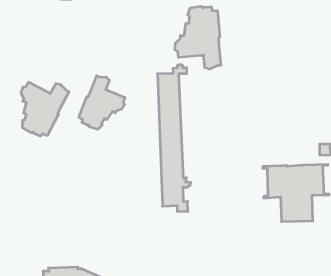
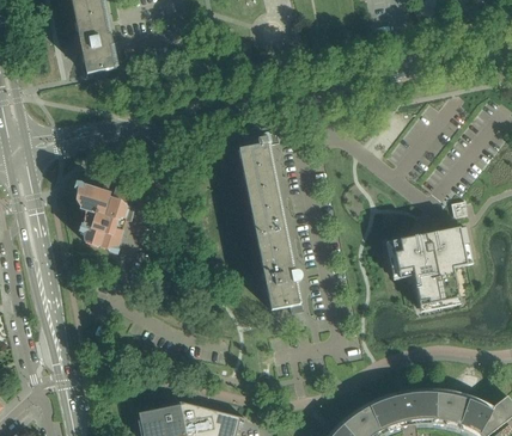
building: [175,6,221,69] -> none
building: [79,76,125,129] -> none

